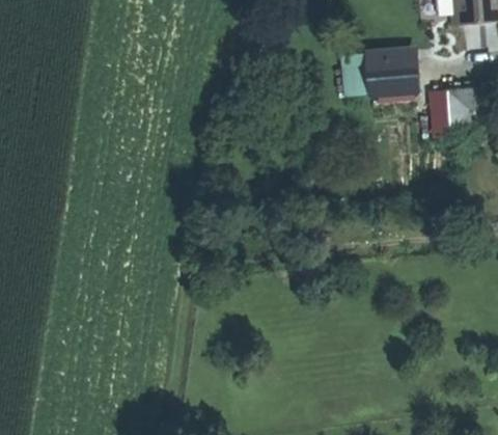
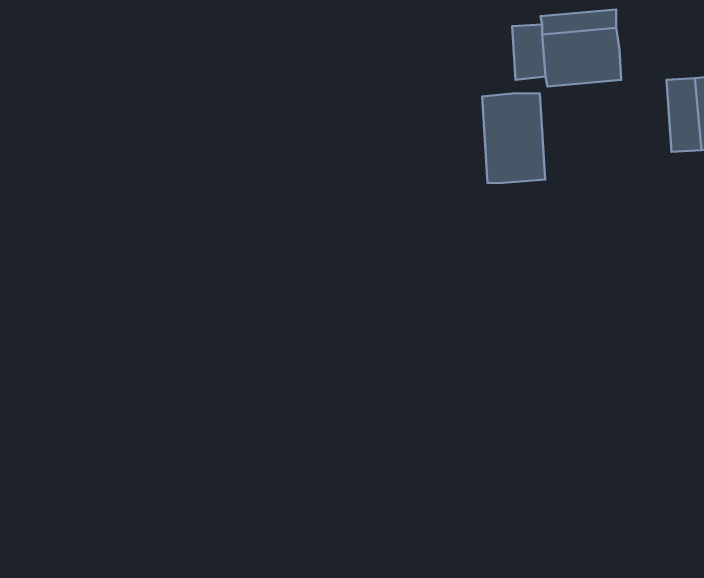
building: none -> [482,93,545,183]

